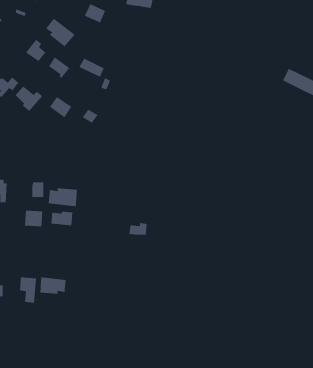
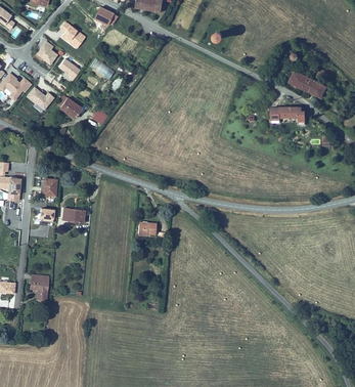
building: none -> [272,106,305,124]
building: [48,187,77,207] -> none
building: [40,277,66,295] -> none

